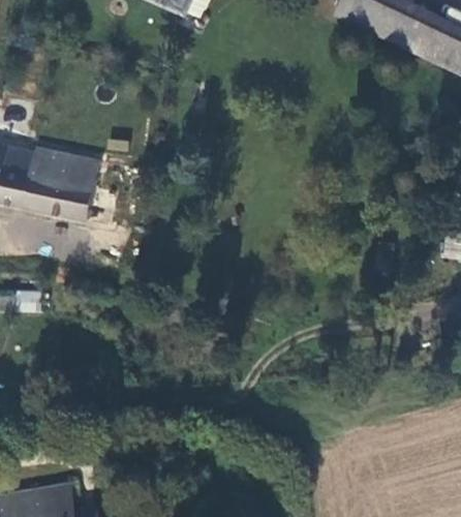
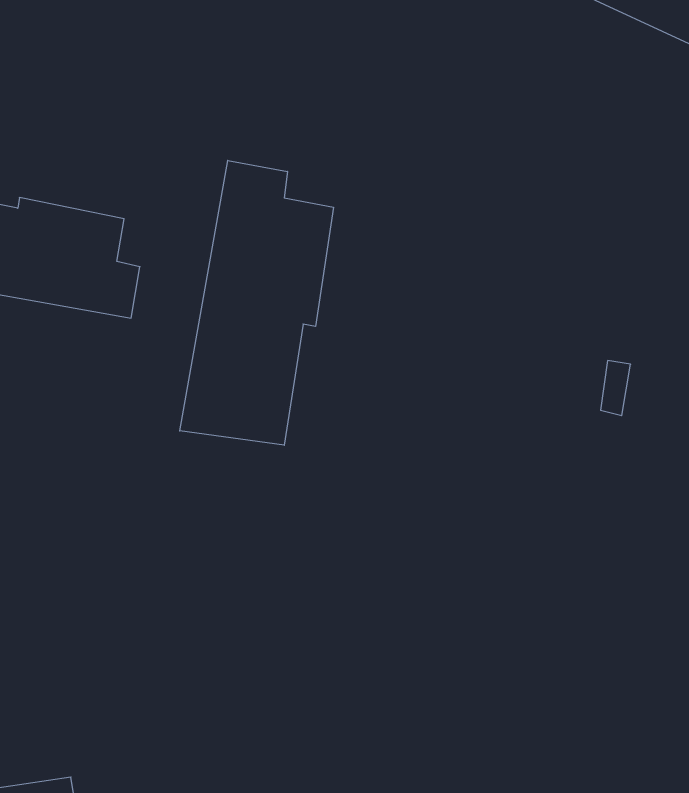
building: none -> [180,160,333,445]

